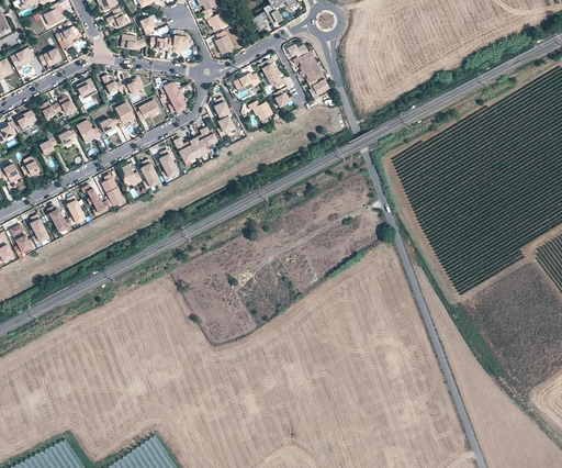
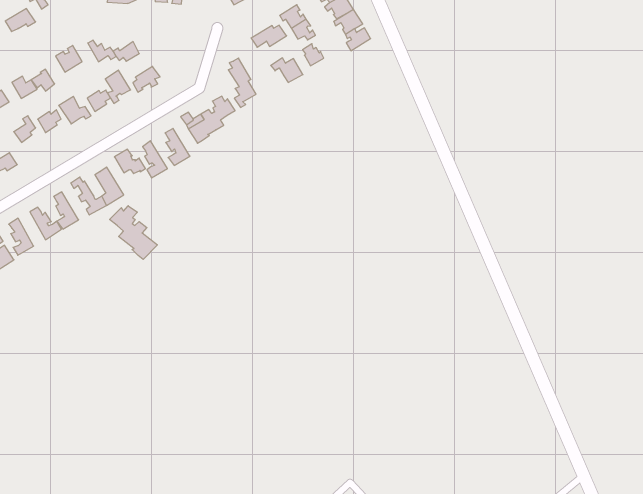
building: [160,81,186,112] -> none
building: none -> [110,206,157,259]

